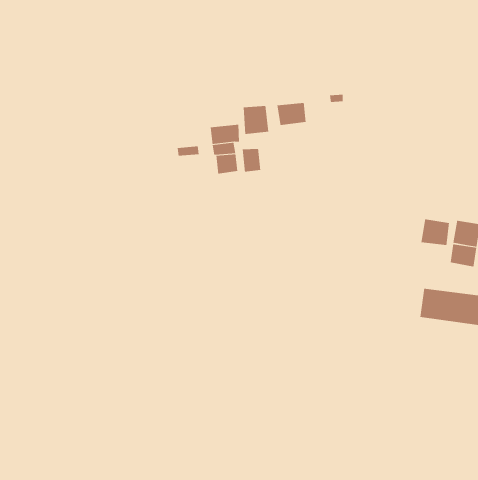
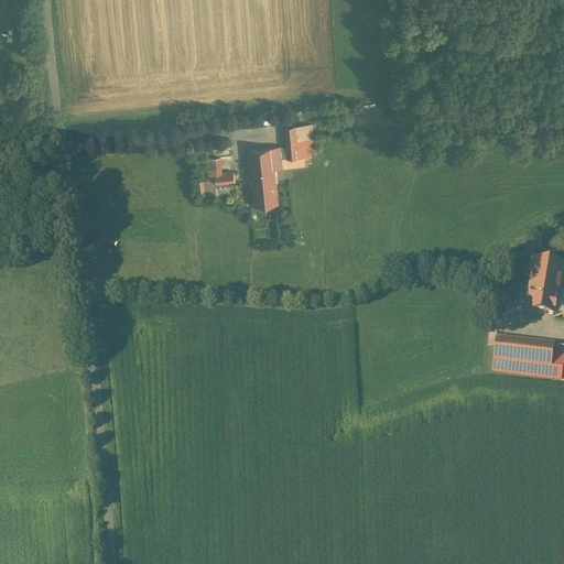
building: [277,102,306,126] -> none
building: [242,148,261,173] -> none
building: [421,219,450,246] -> none

